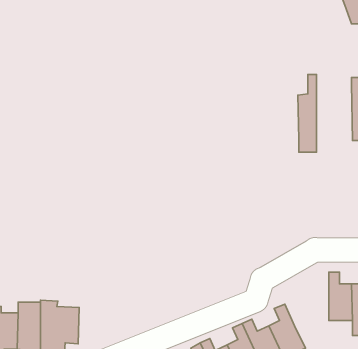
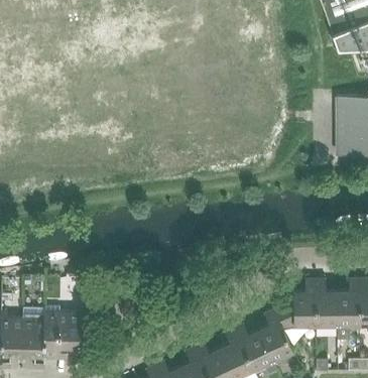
building: [298,75,316,152] -> none
building: none -> [274,281,316,332]

